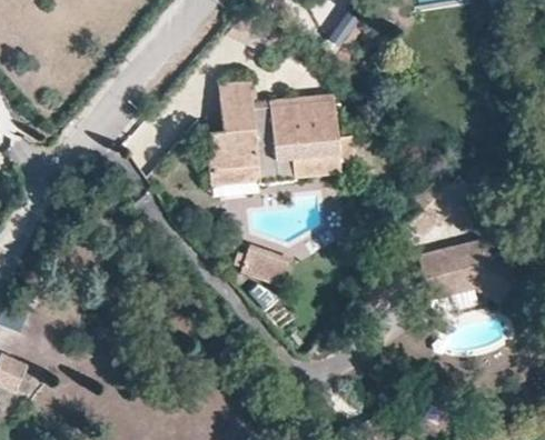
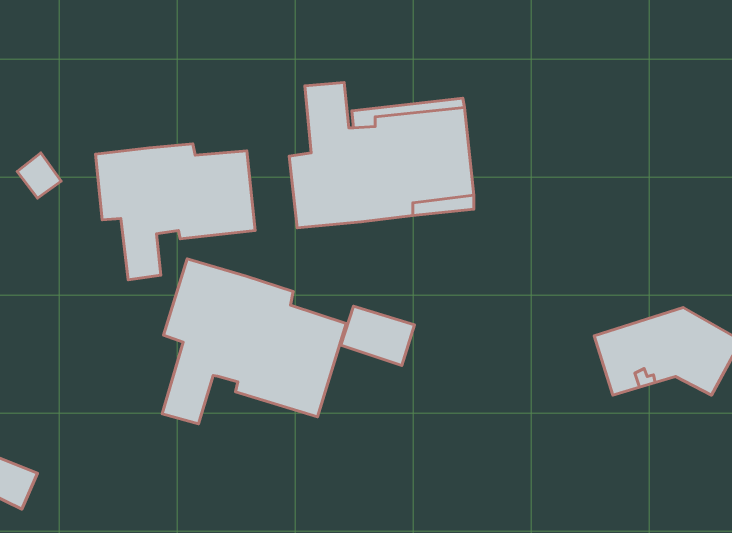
building: none -> [95,144,255,280]
building: none -> [162,259,346,424]

